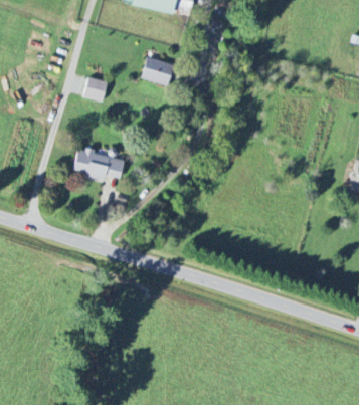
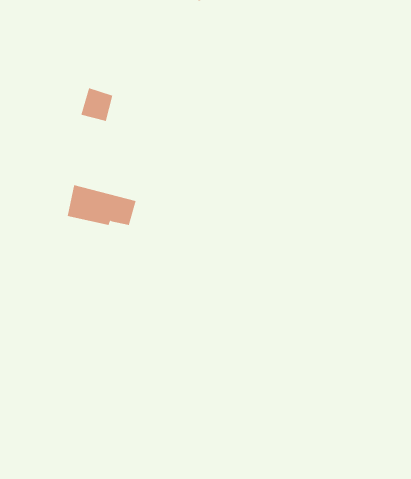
building: [142,57,174,84] -> none

